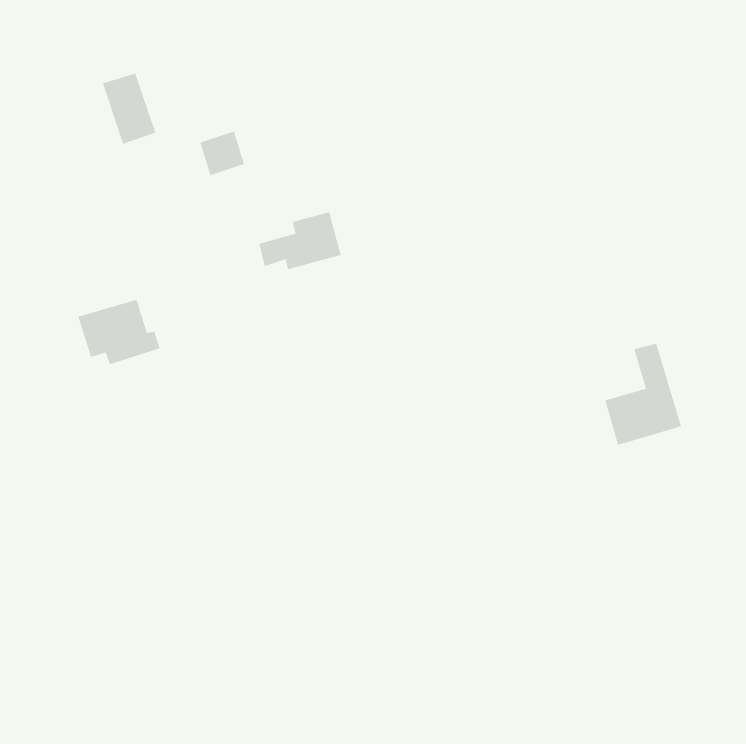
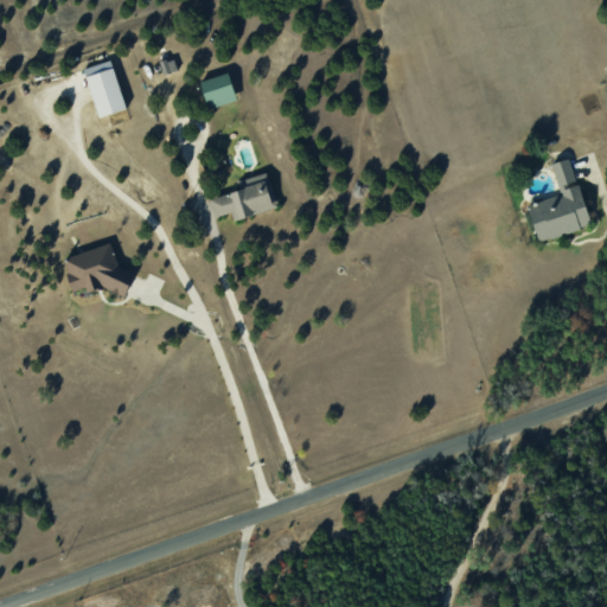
building: [199,131,245,176] -> [200,72,237,109]
building: [604,343,682,445] -> [528,159,590,242]

